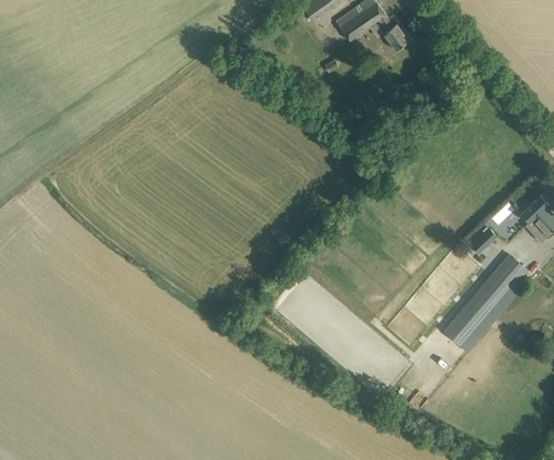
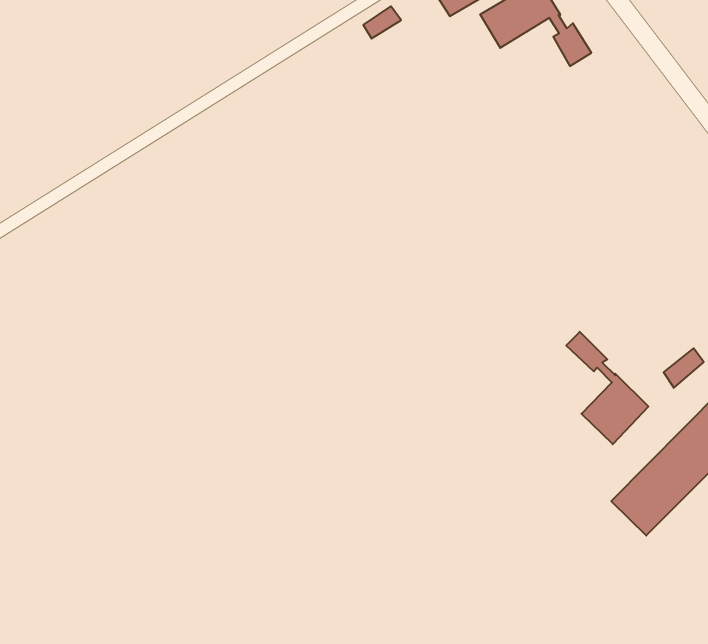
building: none -> [566,332,648,444]

